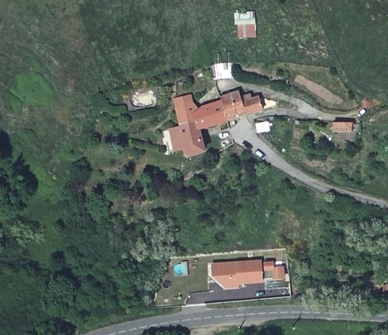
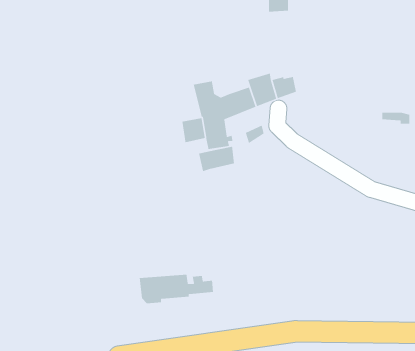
building: none -> [198,146,235,172]
building: [218,260,283,286] -> [139,274,214,304]

